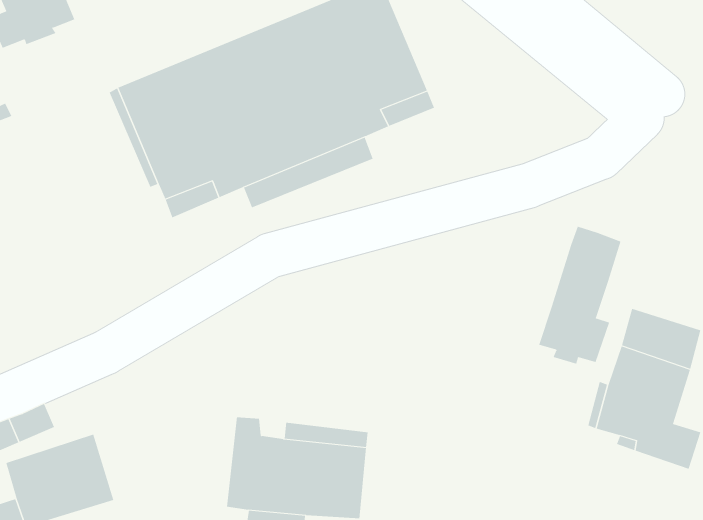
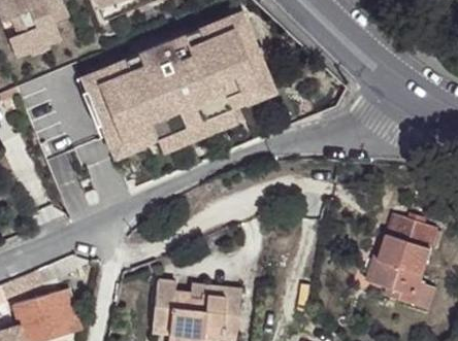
building: [539,226,621,365] -> none

